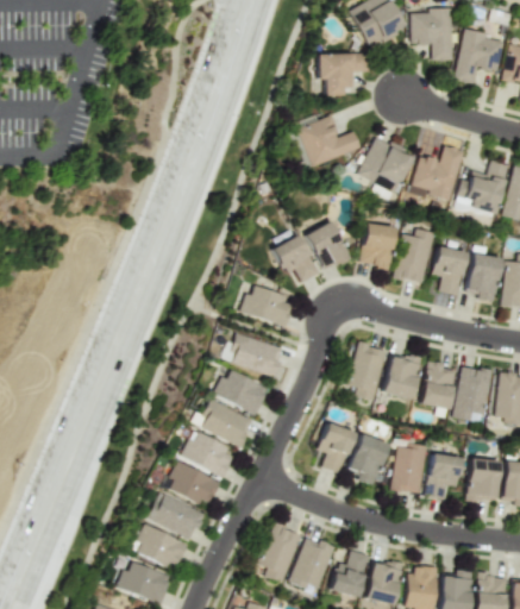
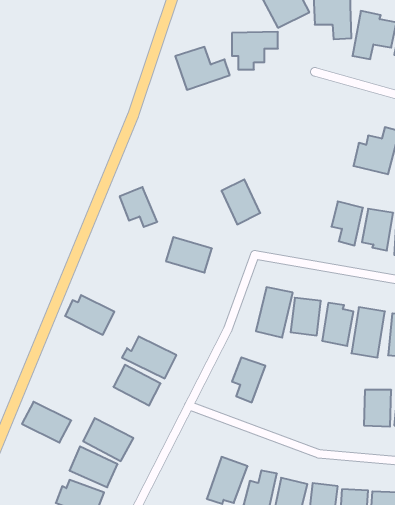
building: [299,117,361,165] -> [175,47,230,90]
building: [358,136,413,193] -> none
building: [411,145,464,202] -> none
building: [361,224,394,268] -> none
building: [394,228,434,284] -> none
building: [275,236,318,281] -> [120,187,157,227]
building: [228,333,284,376] -> none
building: [214,370,270,415] -> [65,295,114,335]
building: [349,434,387,483] -> none
building: [393,441,427,494] -> none
building: [427,453,461,498] -> none
building: [165,460,221,507] -> [22,402,71,443]
building: [256,523,302,583] -> none

